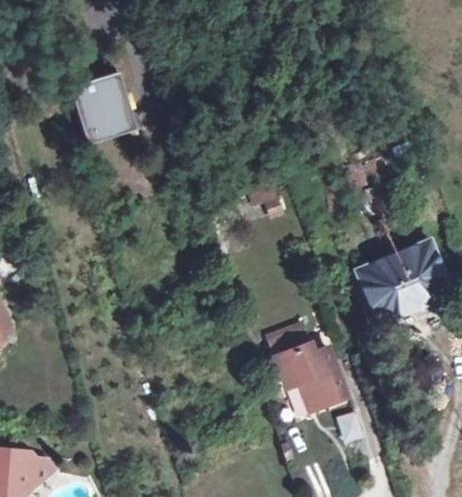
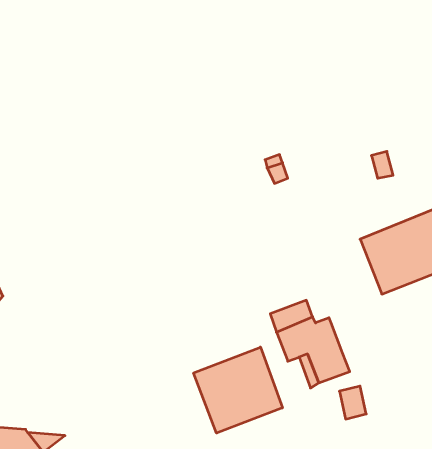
building: [72,73,137,144] -> none
building: none -> [194,347,282,433]

